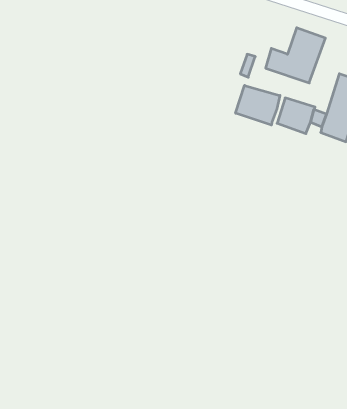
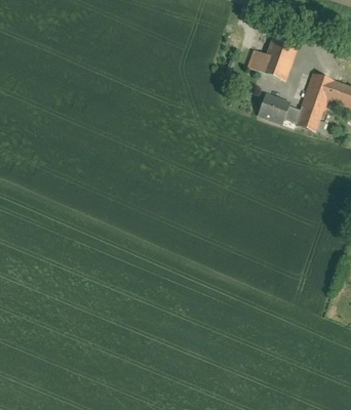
building: [236,85,280,125] -> none

